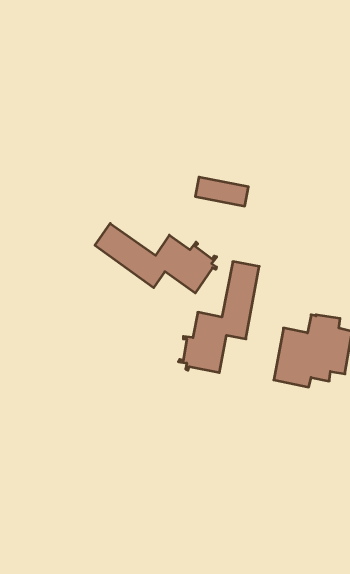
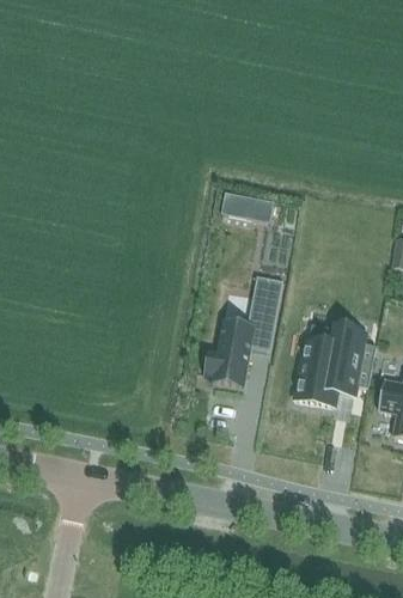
building: [95,223,217,293] -> none

